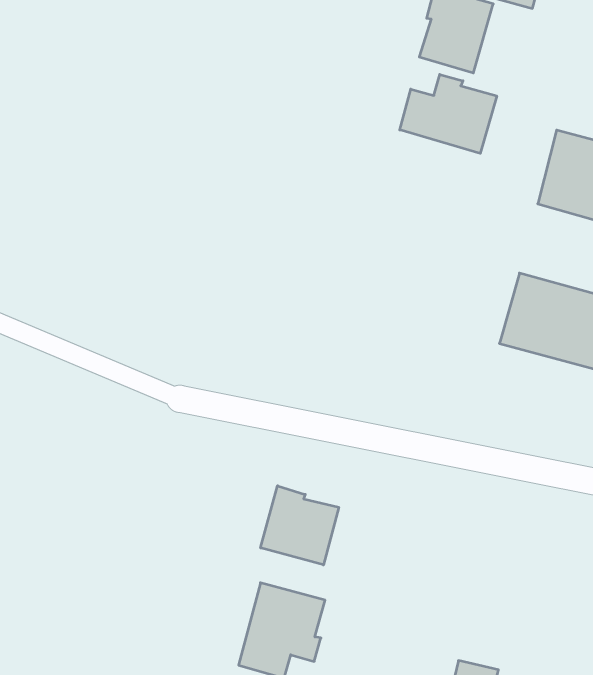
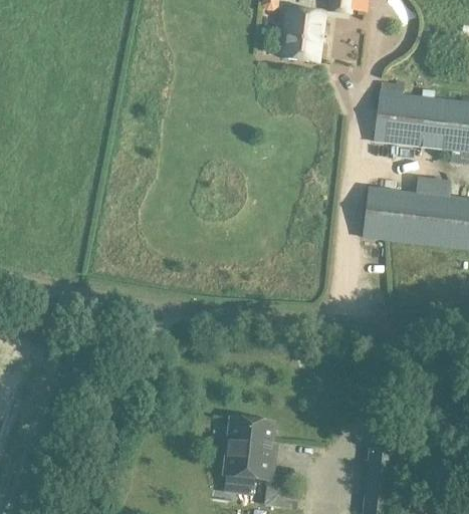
building: [400,74,497,153] -> none
building: [261,486,339,565] -> none

